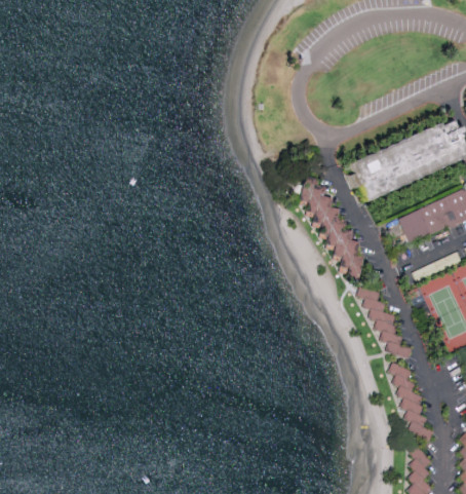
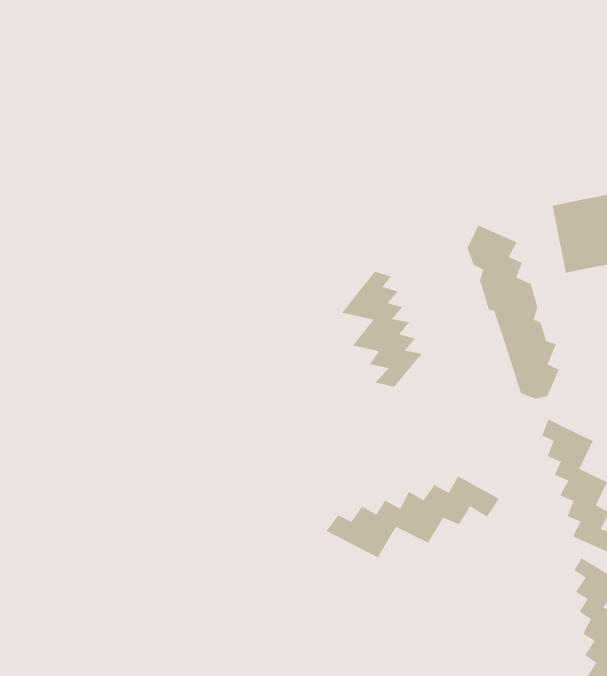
building: none -> [341,271,423,388]
building: none -> [326,475,500,558]

